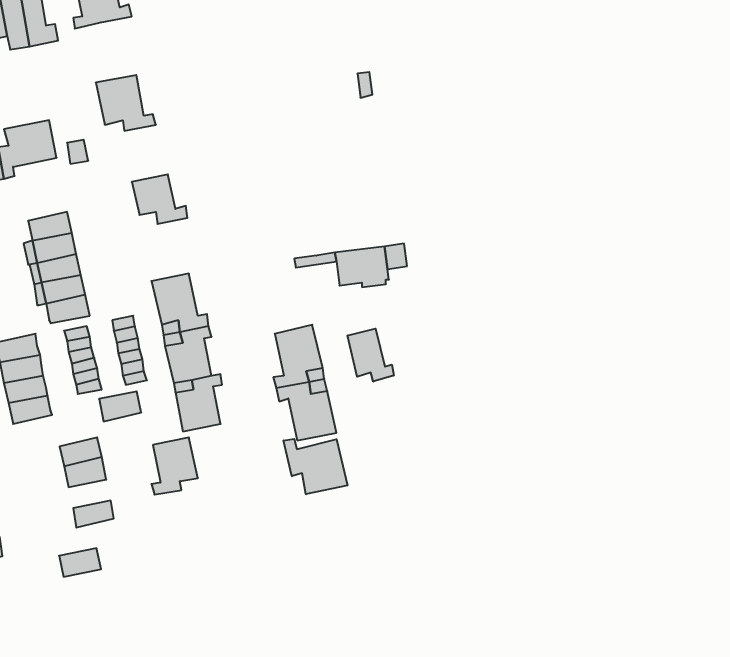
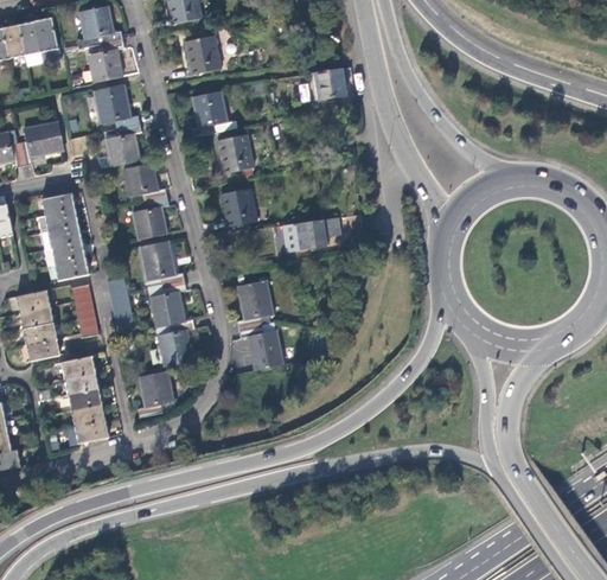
building: none -> [186,37,221,76]
building: none -> [85,38,124,81]
building: none -> [315,66,350,100]
building: none -> [190,91,236,138]
building: none -> [104,123,142,166]
building: none -> [217,134,254,172]
building: none -> [221,186,257,227]
building: none -> [130,197,167,240]
building: [348,329,394,382] -> none
building: [99,391,141,421] -> [62,353,95,377]
building: [284,439,348,494] -> none
building: [59,548,101,577] -> [72,403,106,426]

